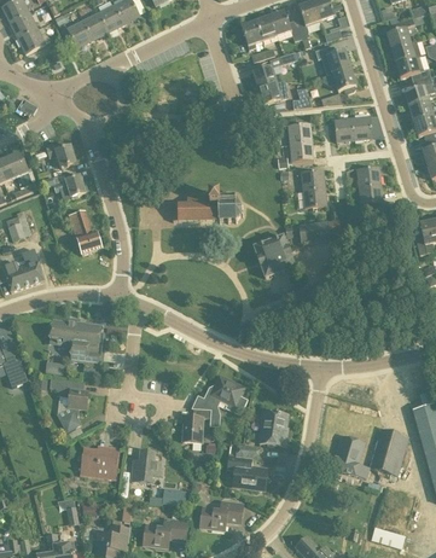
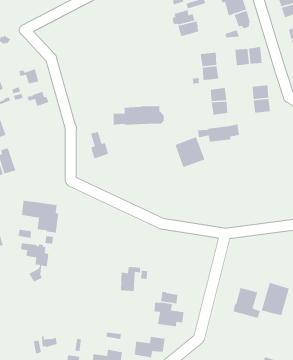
building: [75,216,100,254] -> [90,131,109,160]
building: [202,376,246,413] -> none
building: [257,409,286,444] -> none
building: [79,444,118,478] -> none
building: [130,449,159,482] -> none

